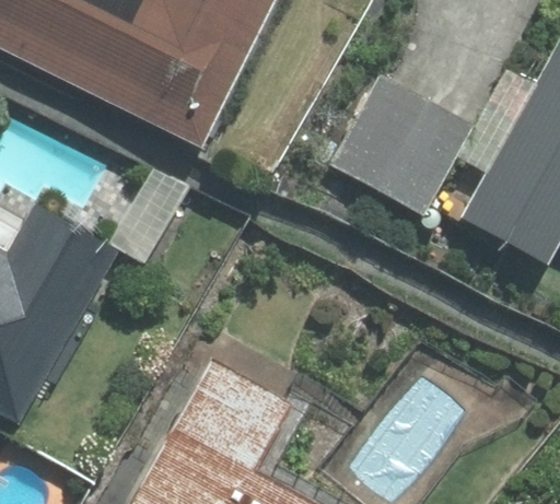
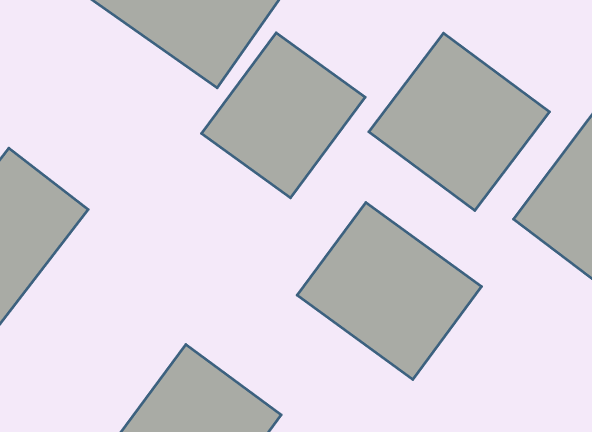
building: none -> [201,33,365,198]
building: none -> [297,202,482,379]

